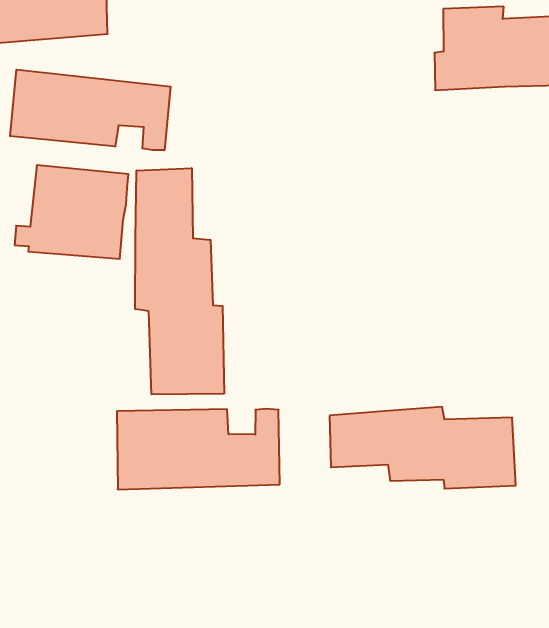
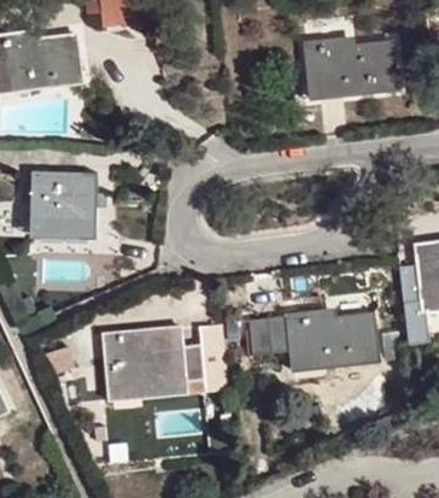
building: [10,70,171,150] -> none
building: [135,168,224,394] -> none

